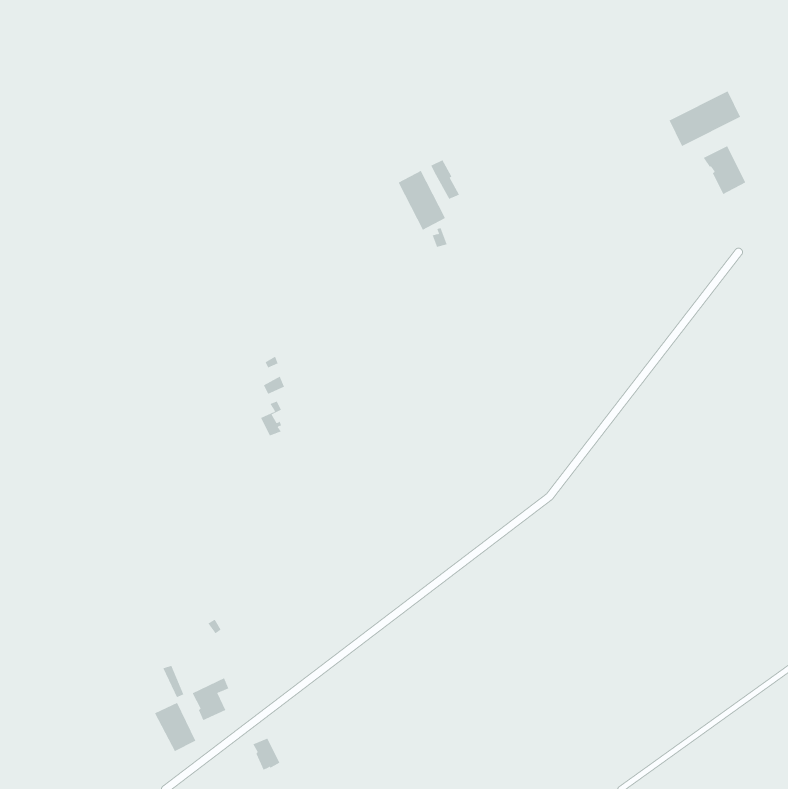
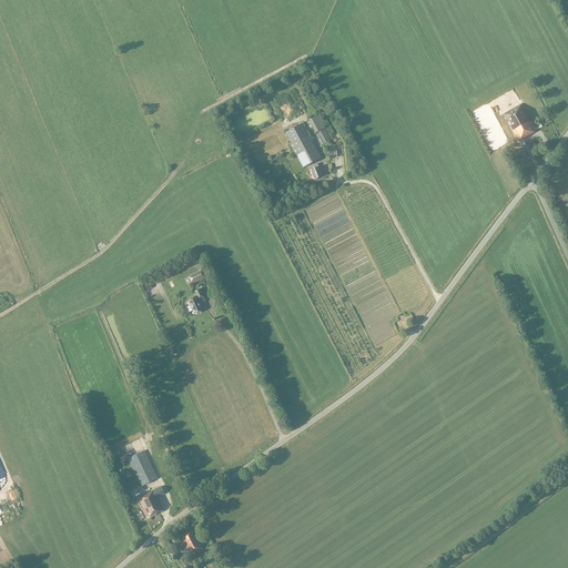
building: [669,91,741,147] -> none
building: [154,702,196,752] -> [129,449,159,485]

